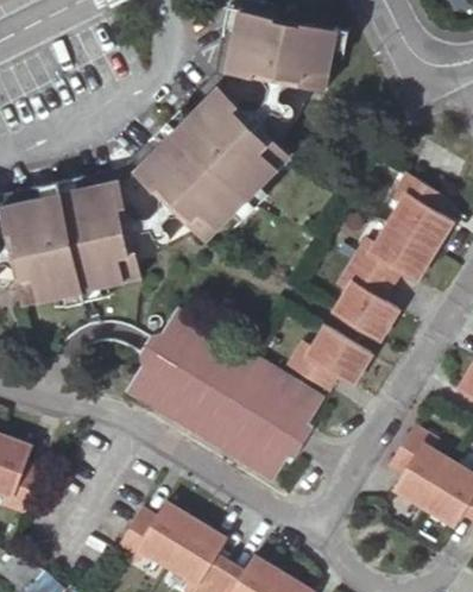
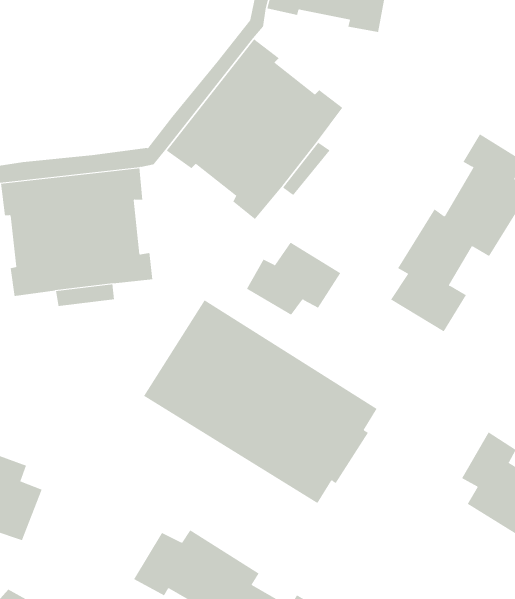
building: [288,328,367,390] -> [246,242,341,316]

